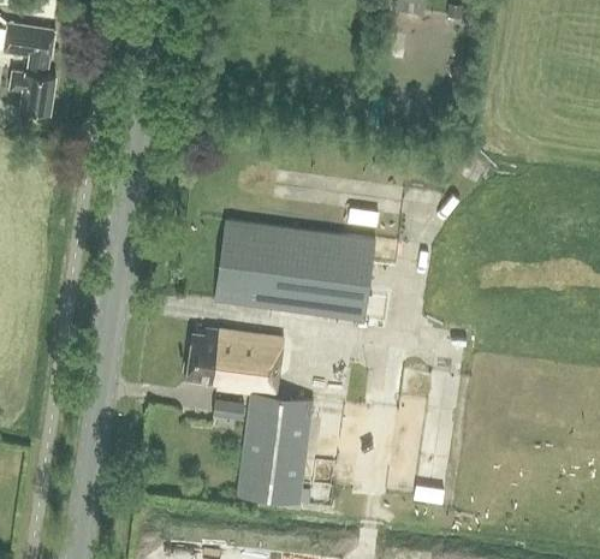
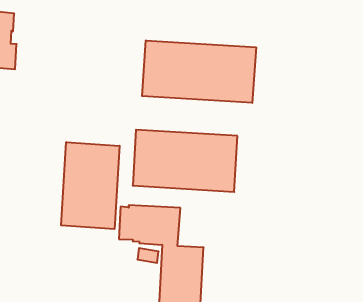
building: none -> [142,40,256,103]
building: none -> [61,142,120,229]

